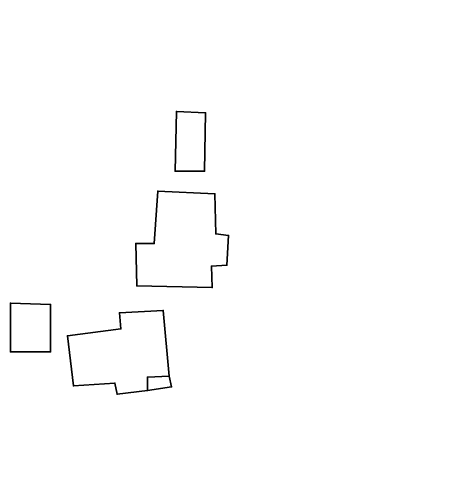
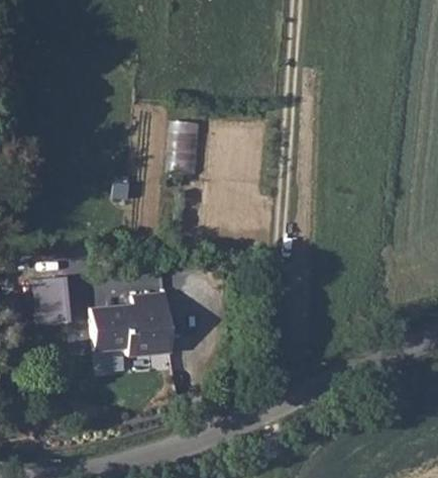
building: [136,191,228,287] -> none

